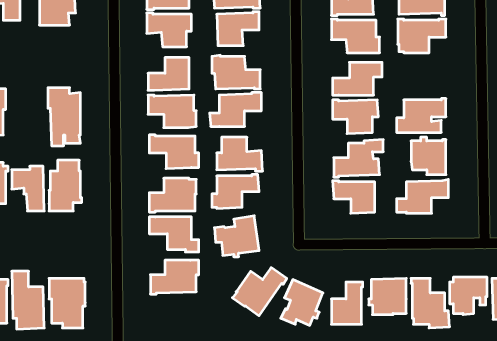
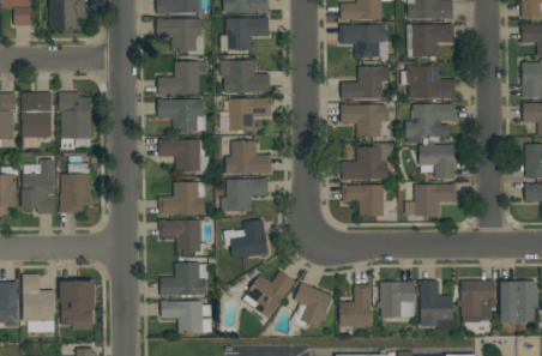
building: none -> [402,66,456,99]
building: none -> [22,92,52,149]
building: none -> [162,301,211,333]

